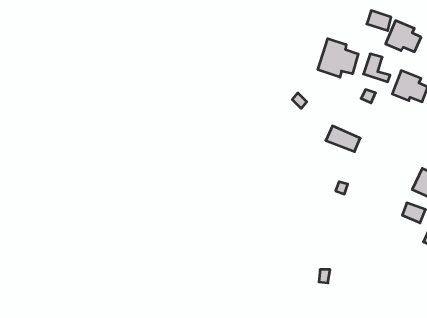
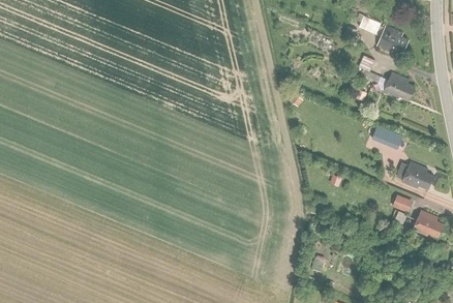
building: [318,39,358,77] -> none
building: [326,126,360,152] -> [371,125,403,149]

